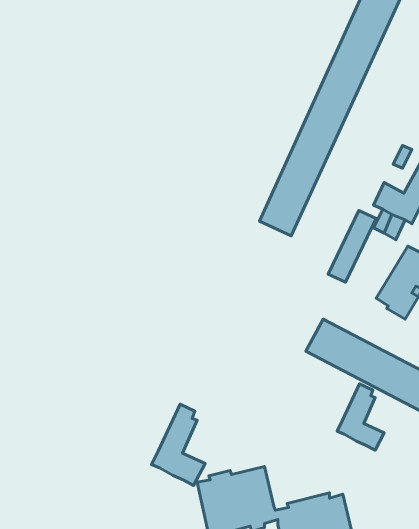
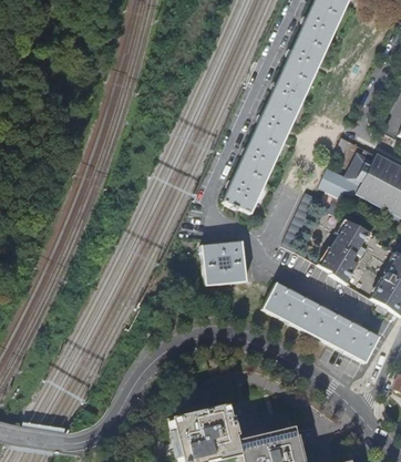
building: none -> [203,240,247,285]
building: [337,384,384,450] -> none
building: [152,404,205,485] -> none

